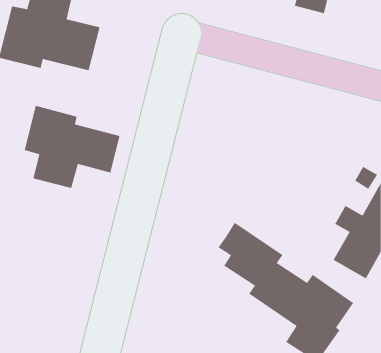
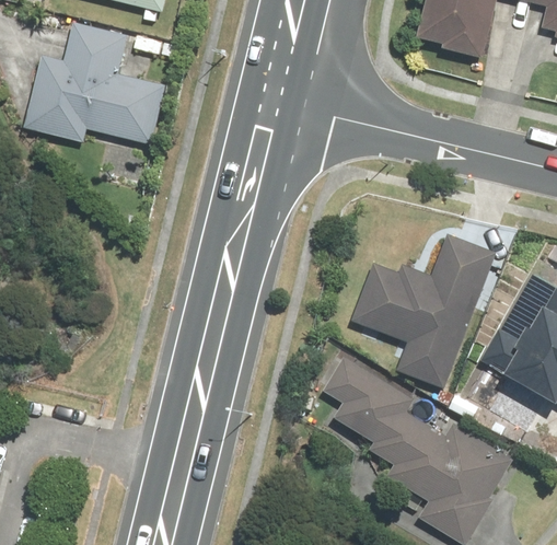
building: [24,105,120,189] -> none
building: none -> [353,230,496,389]

